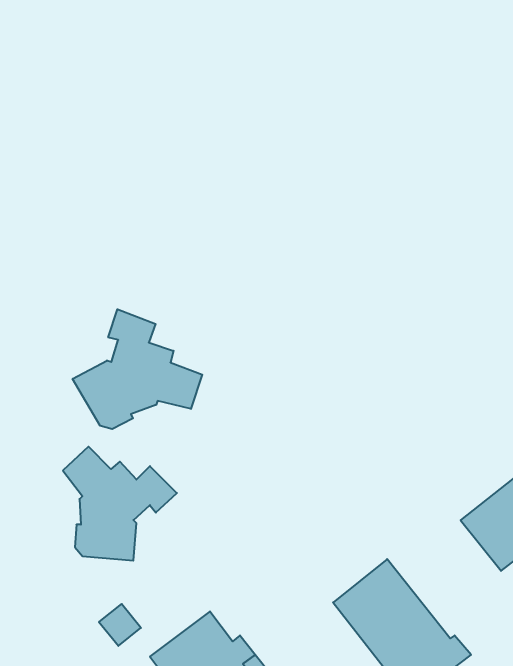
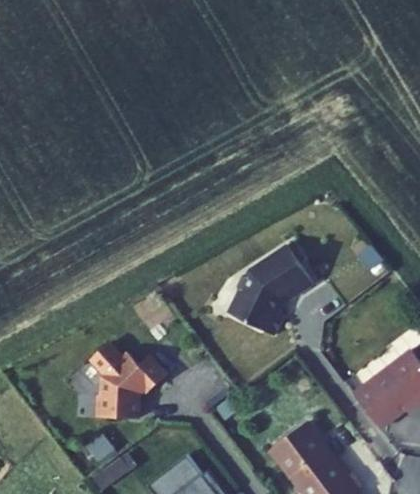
building: none -> [218,243,302,331]
building: [73,309,202,429] -> none

